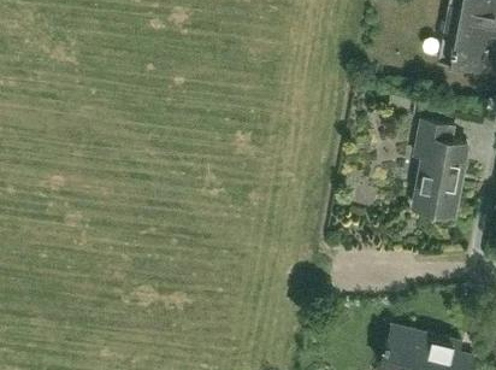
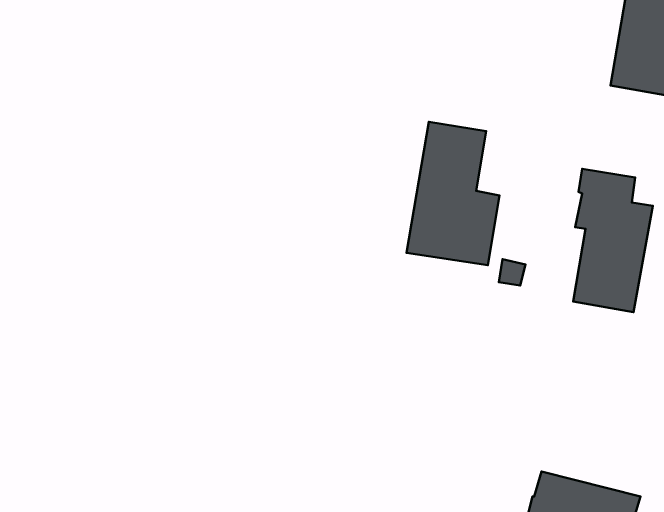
building: none -> [406,122,499,265]

